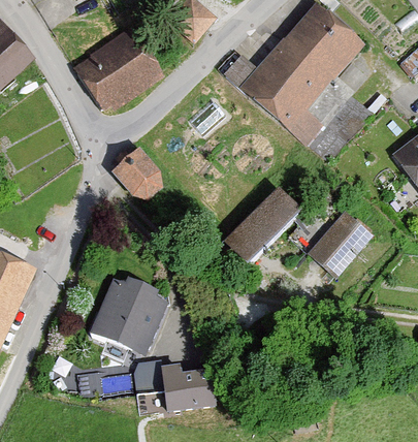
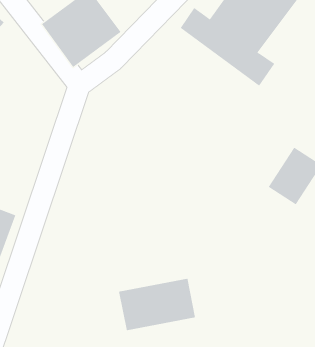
building: [111,149,169,208] -> none
building: [220,186,296,269] -> none
building: [90,275,170,357] -> none

